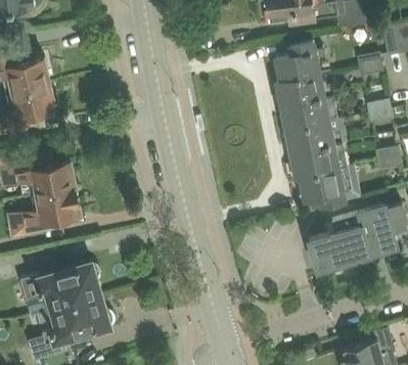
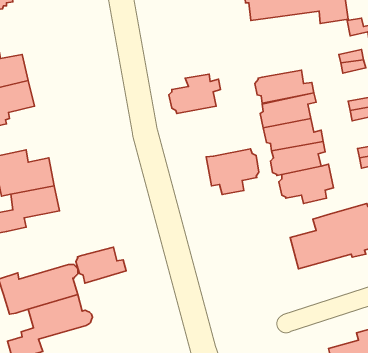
building: [273,42,324,81] -> [169,74,220,113]
building: none -> [206,149,259,194]
building: none -> [76,247,126,283]

